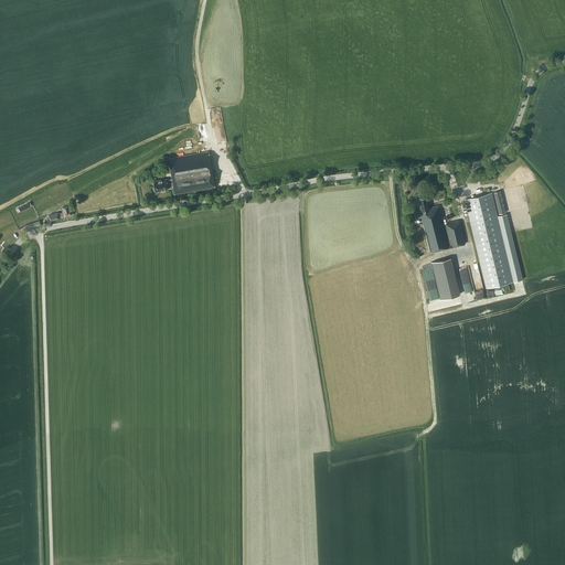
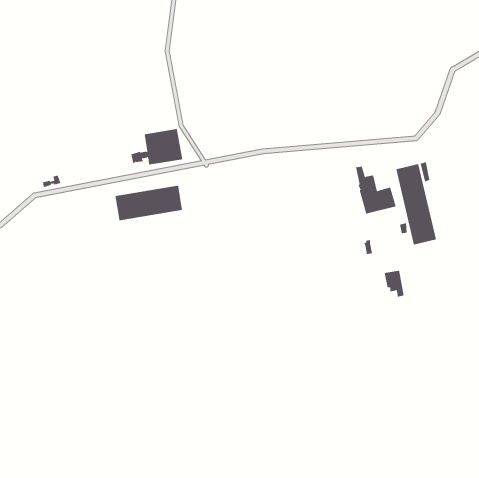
building: none -> [115,185,183,221]
building: [433,259,457,291] -> [384,270,405,297]

